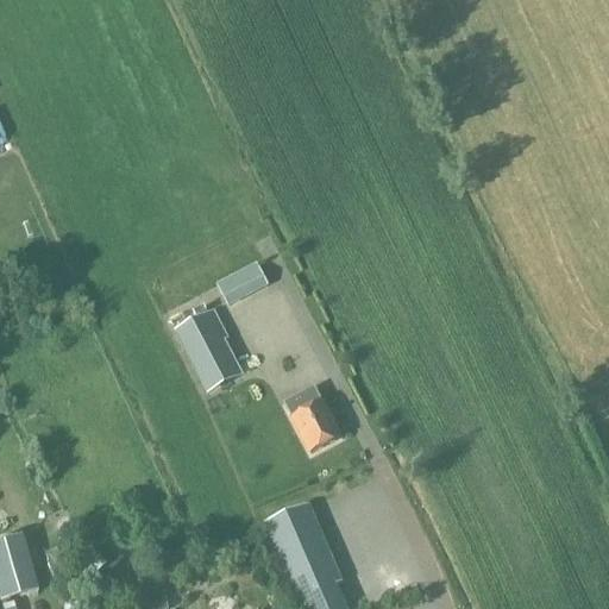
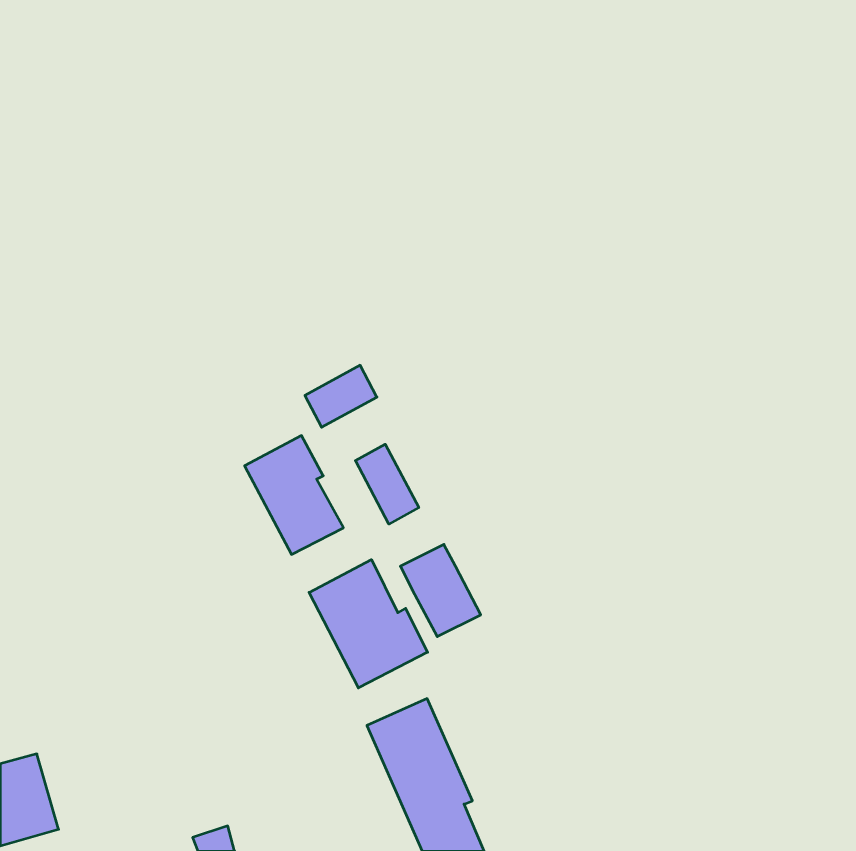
building: none -> [355,444,419,524]
building: none -> [309,560,428,688]

